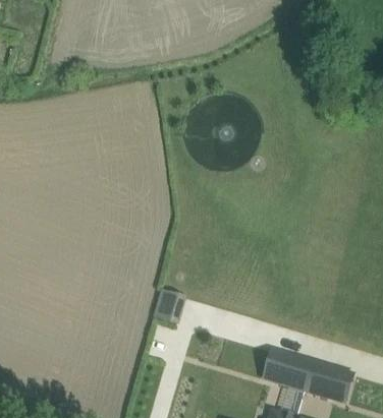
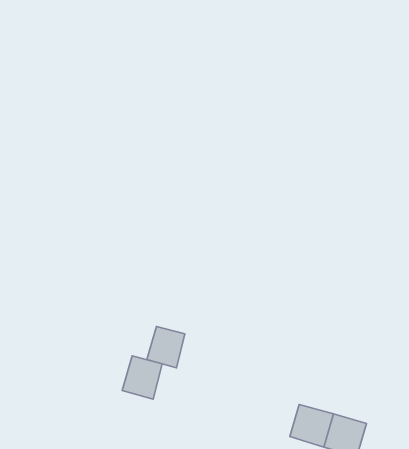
building: none -> [122,356,162,399]

